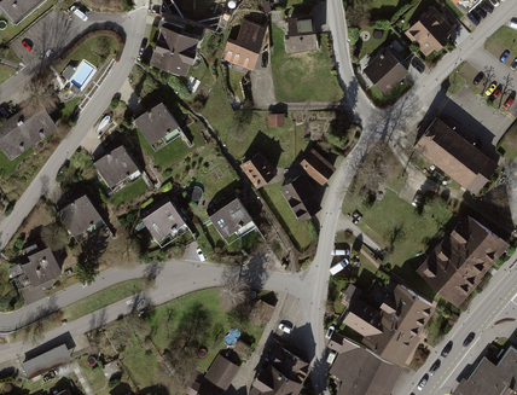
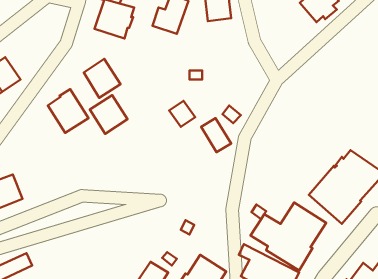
building: [362,48,408,94] -> none
building: [414,117,496,192] -> none
building: [56,194,103,243] -> none
building: [208,199,252,245] -> none
building: [139,201,186,249] -> [90,95,128,134]

